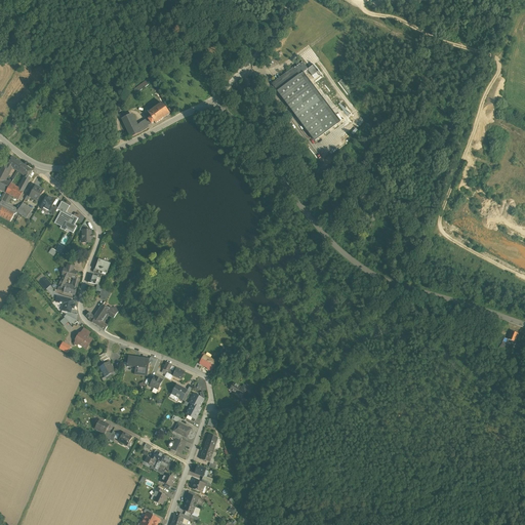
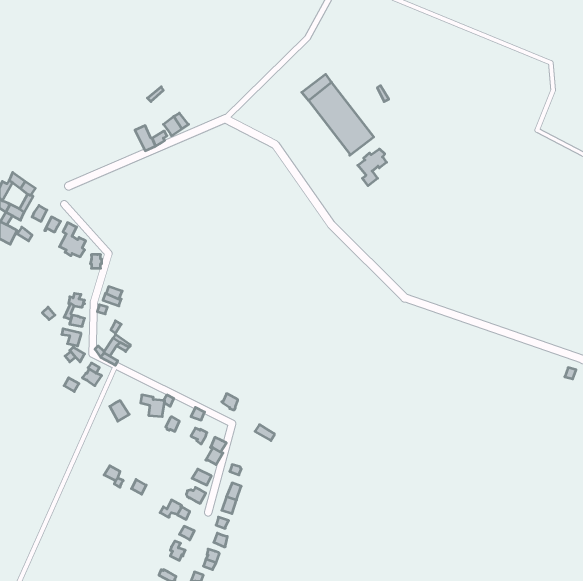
building: none -> [358,149,387,186]

